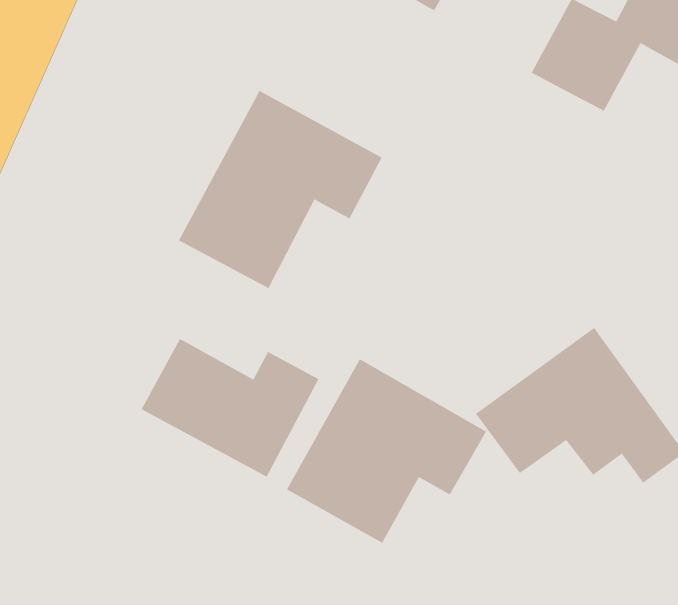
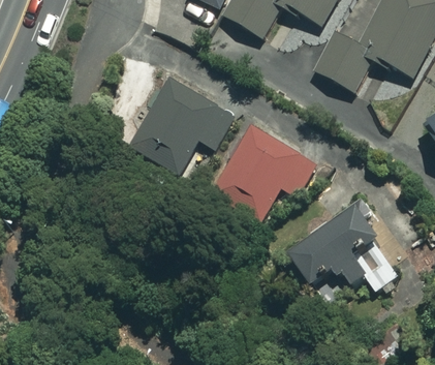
building: [141,338,319,477] -> none
building: [286,358,487,543] -> [210,122,317,221]

